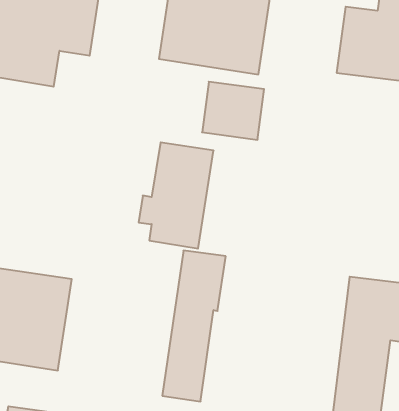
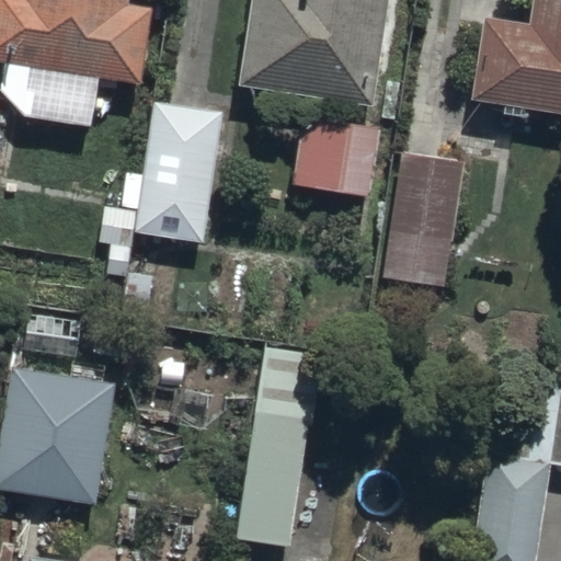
building: none -> [378,151,459,288]
building: [139,142,214,249] -> [125,101,226,243]

